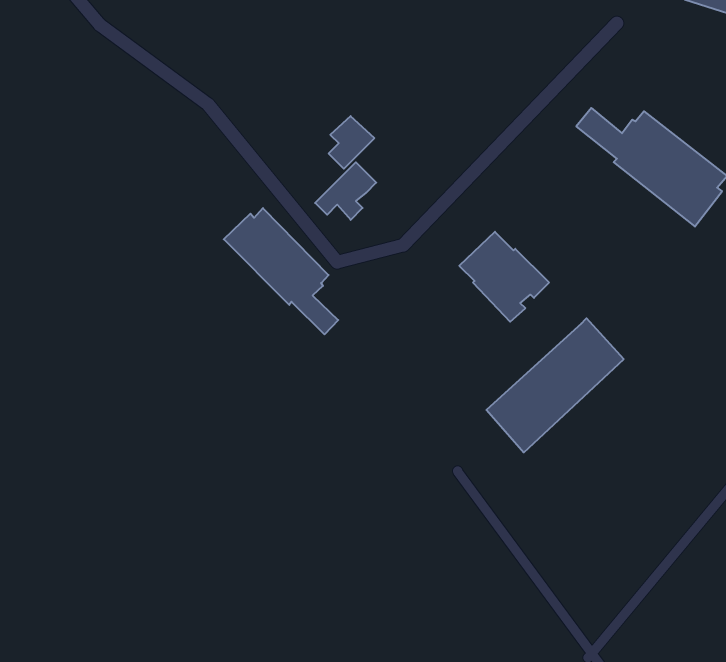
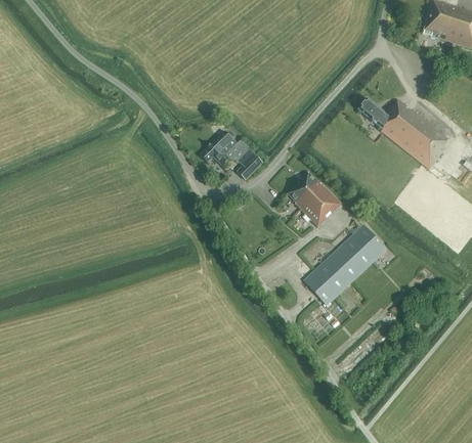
building: [329,116,374,169] -> [237,148,264,180]
building: [224,208,338,334] -> none

